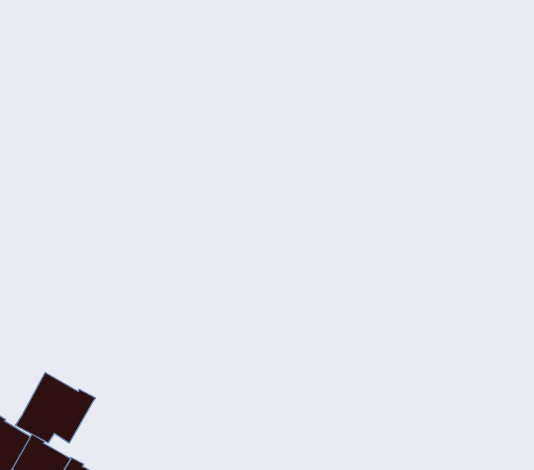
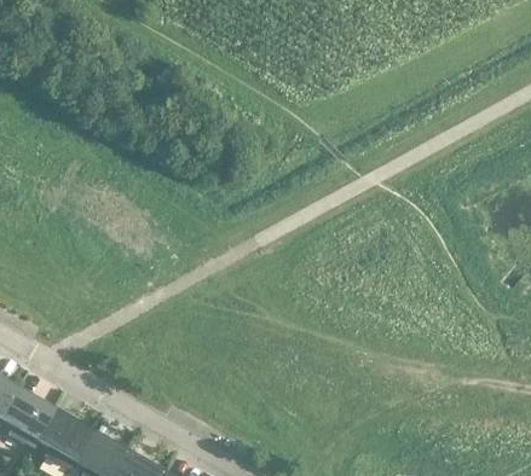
building: [16,373,95,443] -> none

